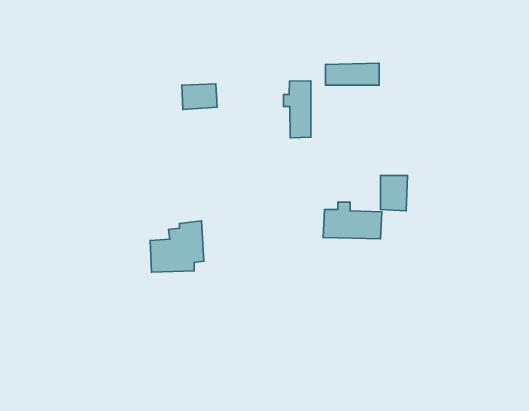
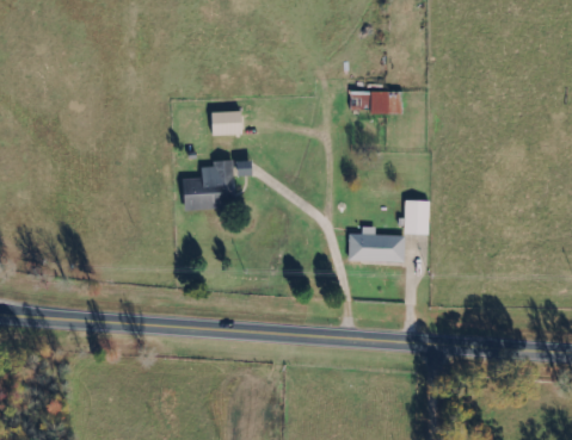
building: [283,81,311,138] -> none
building: [150,221,204,272] -> [184,160,236,210]

